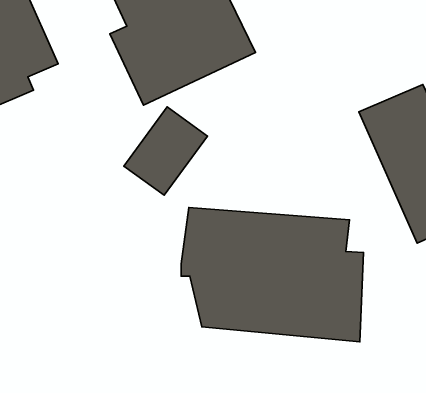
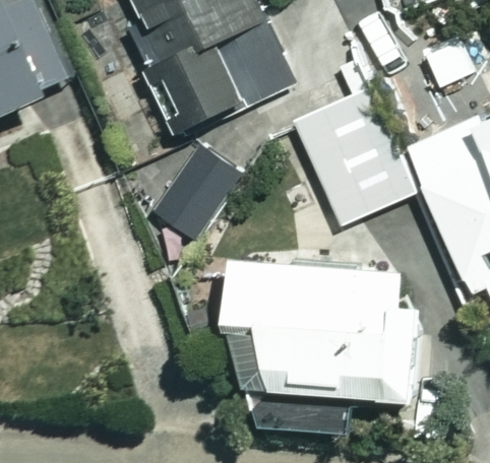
building: none -> [294,90,416,226]

